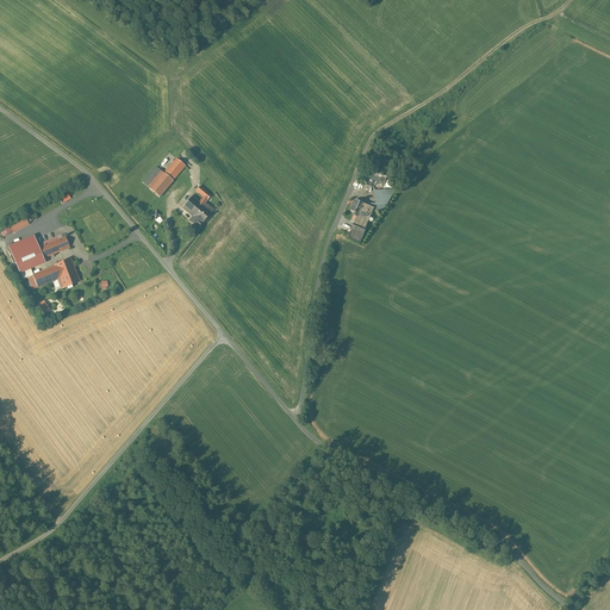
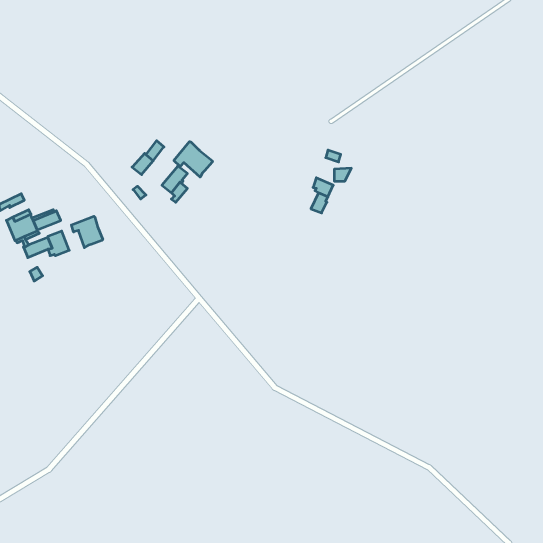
building: none -> [174,142,212,177]
building: none -> [71,216,103,248]

